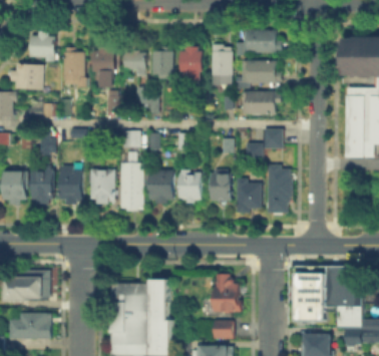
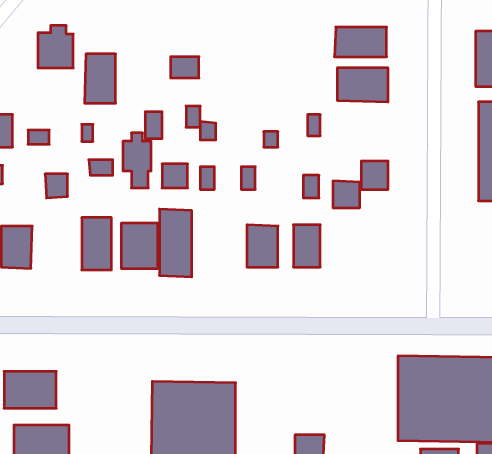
building: [94,47,114,86] -> [123,133,151,188]
building: [213,47,234,79] -> none
building: [154,48,172,76] -> none
building: [180,51,204,82] -> none
building: [15,64,42,88] -> none
building: [236,87,279,115] -> none
building: [269,166,296,216] -> none
building: [34,168,54,206] -> none
building: [151,172,173,203] -> none
building: [238,183,262,213] -> none
building: [215,270,241,314] -> none

